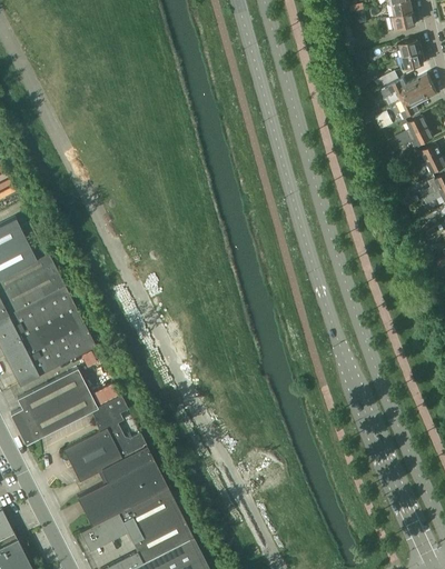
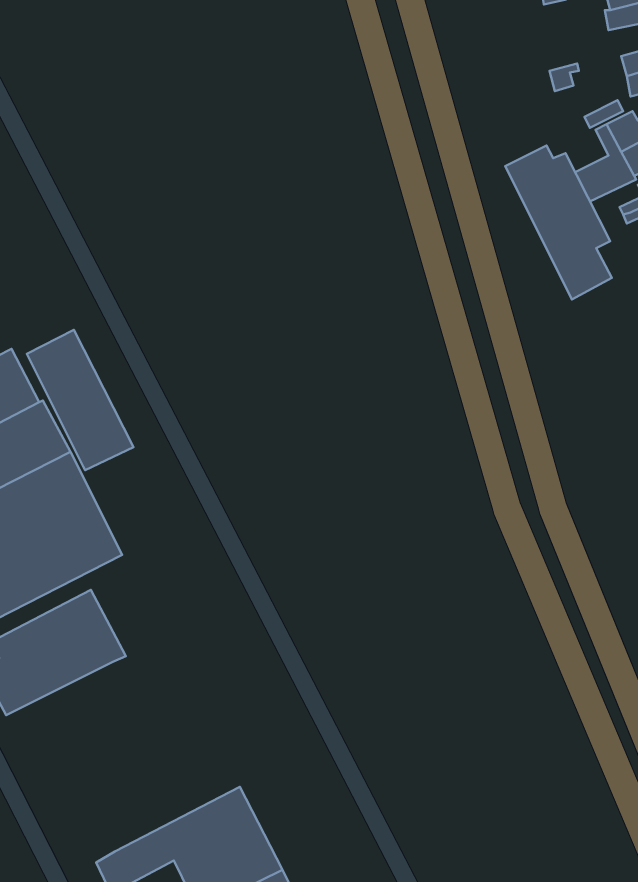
building: none -> [505,146,612,299]
building: none -> [27,330,134,470]
building: [63,396,167,526] -> none

